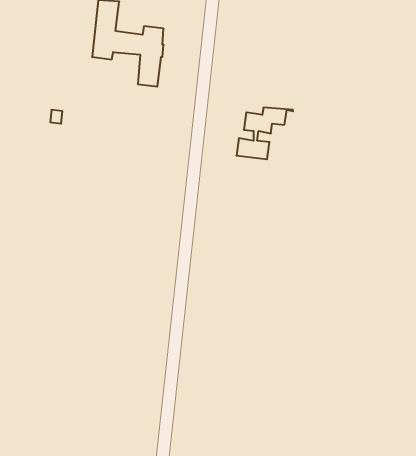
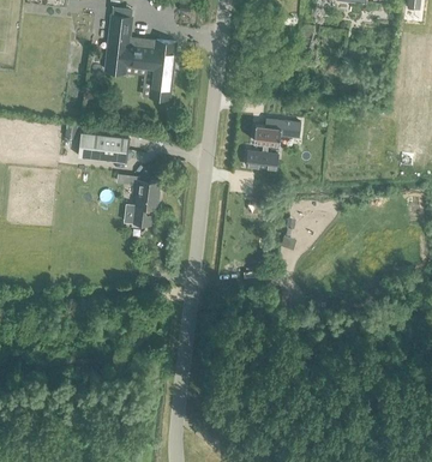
building: none -> [78,132,128,162]
building: none -> [125,181,160,226]

